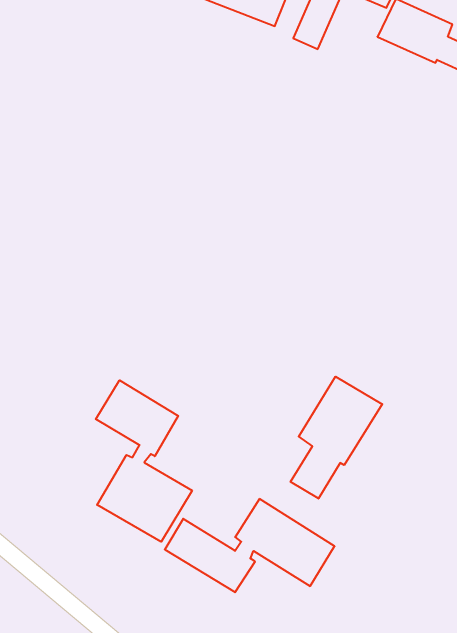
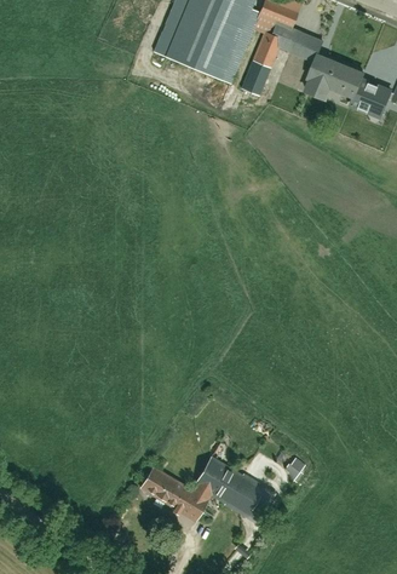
building: [291,377,382,499] -> none
building: [96,380,192,542] -> none

